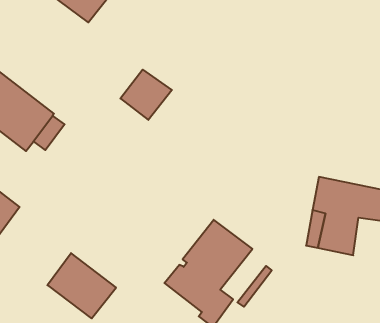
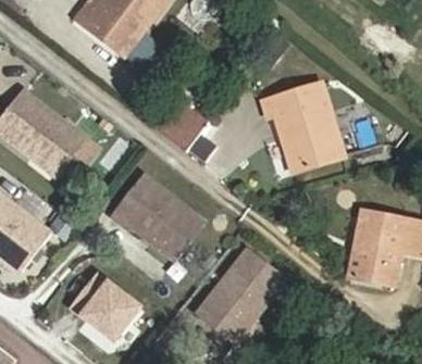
building: none -> [257,79,338,170]
building: none -> [110,174,200,256]

